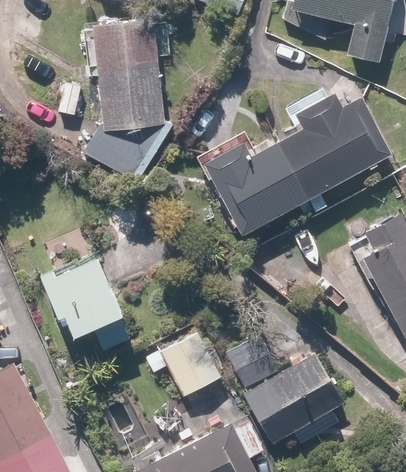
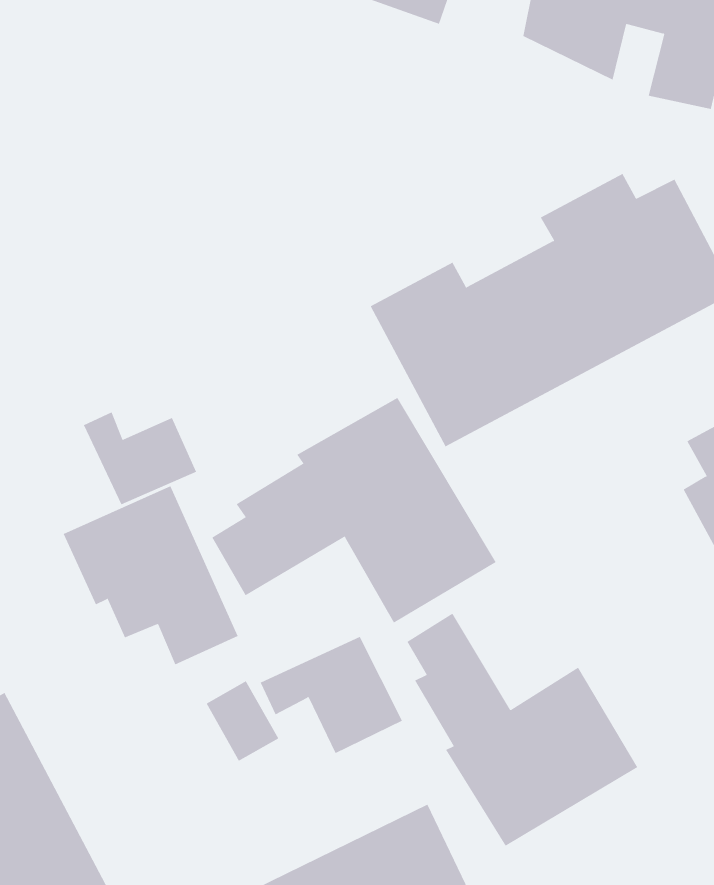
building: [85,18,172,185] -> none
building: none -> [212,397,497,624]
building: none -> [83,412,197,505]

